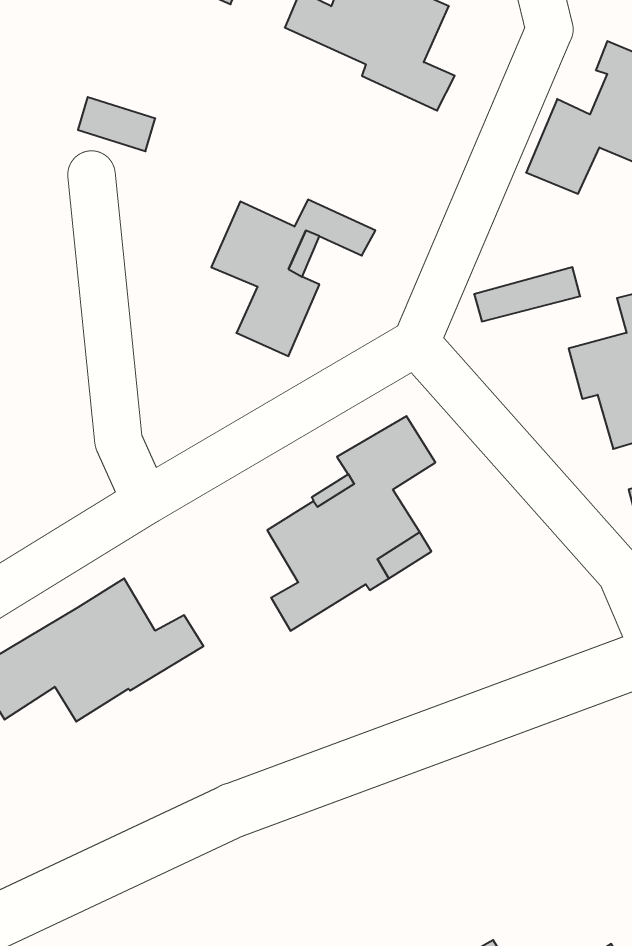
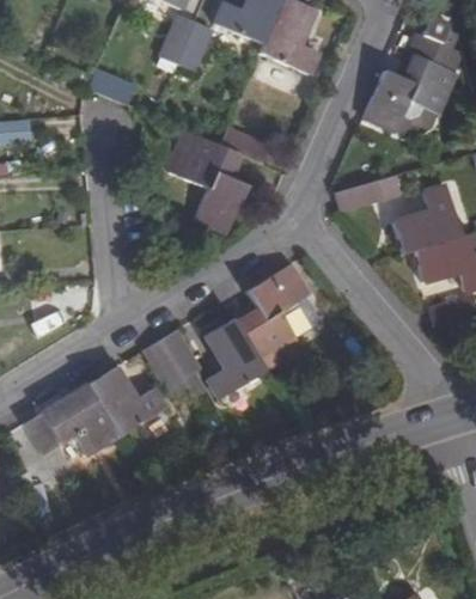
building: none -> [163,17,213,73]
building: none -> [145,329,200,387]

